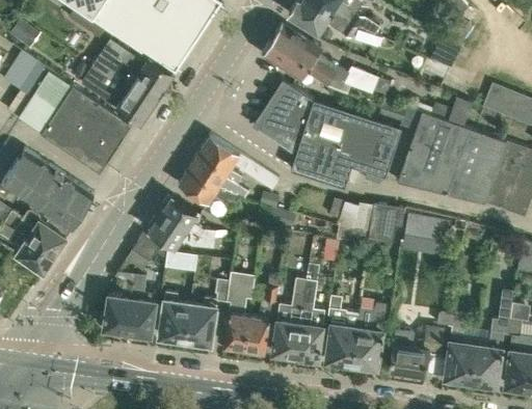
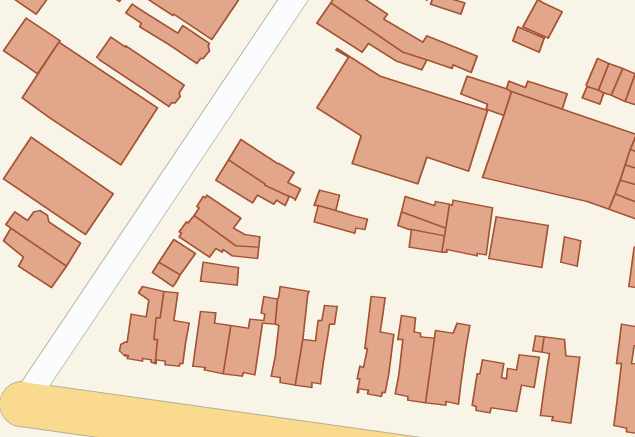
building: [91,48,162,107] -> none
building: [198,136,278,190] -> none
building: [272,278,305,359] -> none
building: [470,291,513,387] -> none

